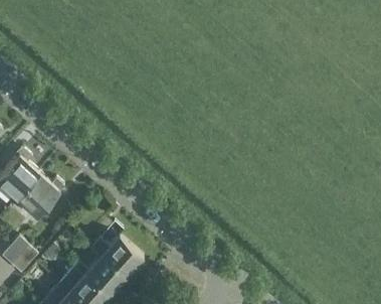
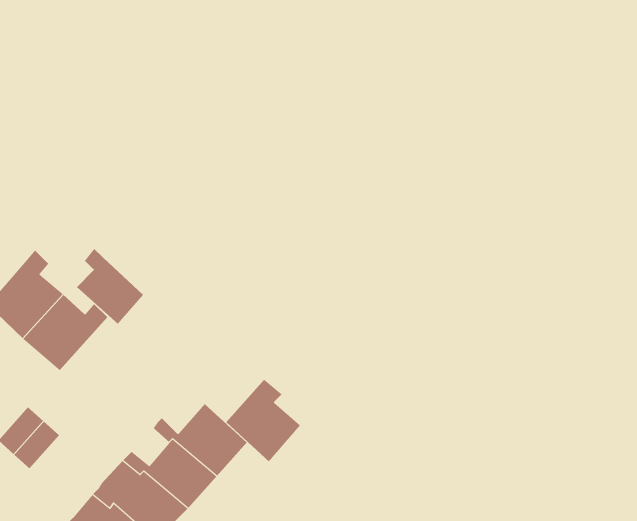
building: none -> [76,248,144,325]
building: none -> [225,379,301,462]

